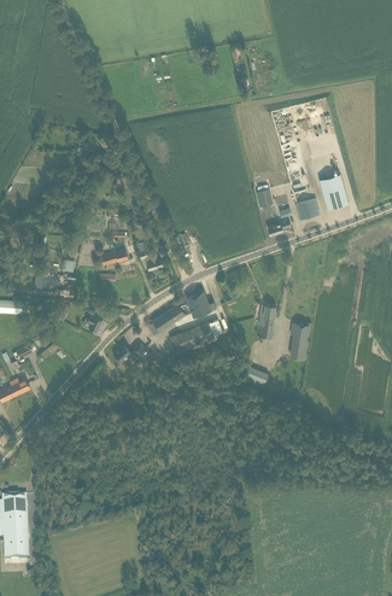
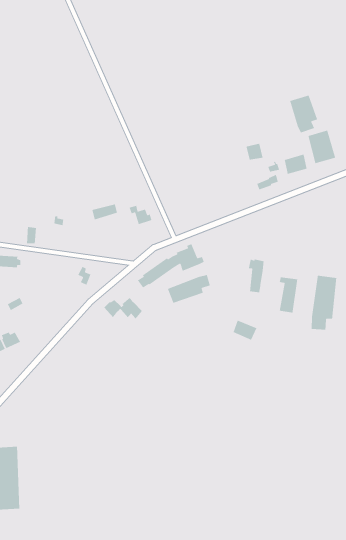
building: none -> [289,95,318,133]
building: none -> [311,275,337,330]

